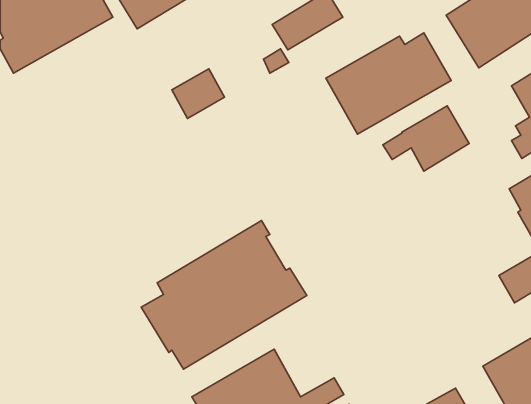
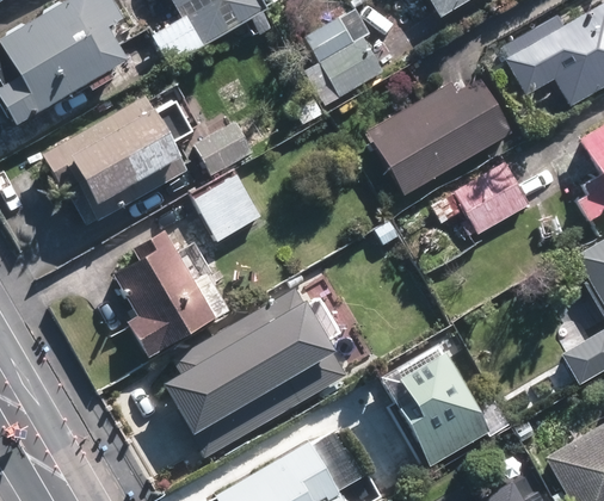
building: none -> [43,97,187,223]
building: none -> [195,171,266,245]
building: none -> [116,230,216,357]
building: none -> [388,339,493,457]

